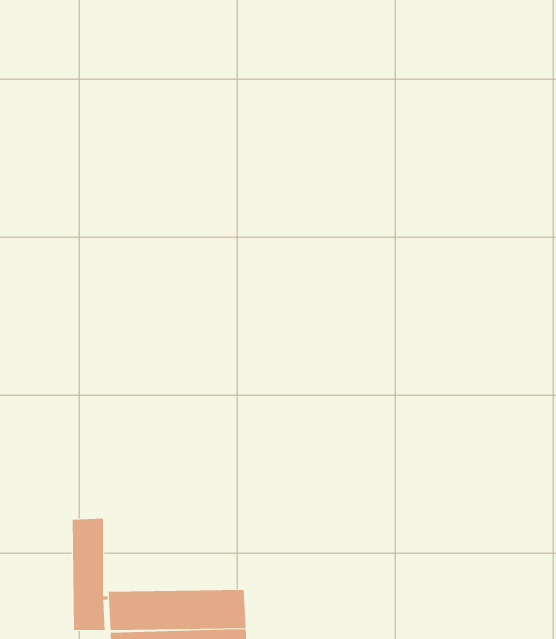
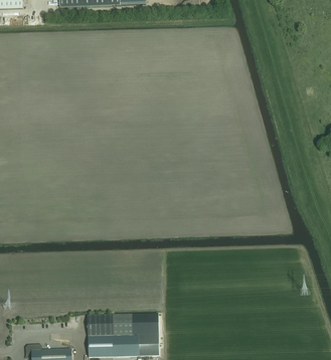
building: [72,518,108,631] -> none

